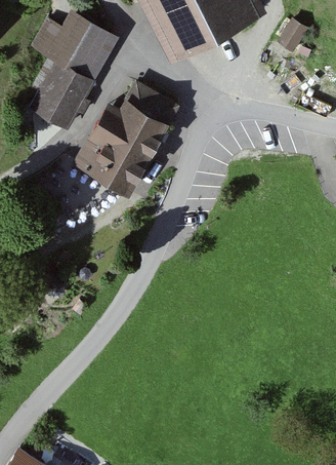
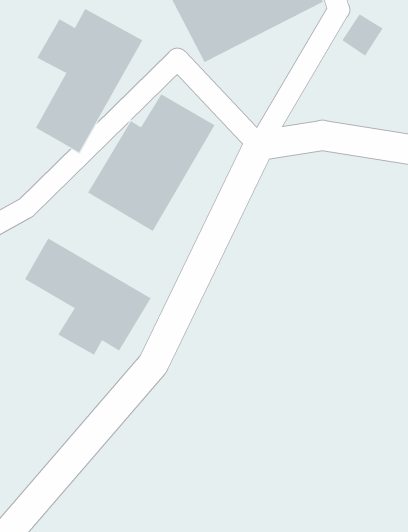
building: none -> [24,238,152,356]

